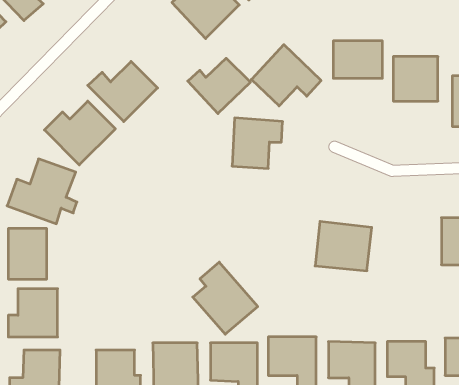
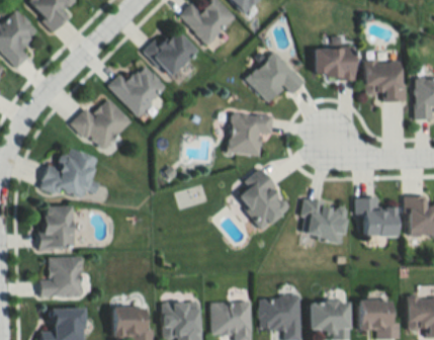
building: [188,58,250,114] -> [146,30,198,77]
building: none -> [355,197,398,237]
building: [193,262,258,334] -> [237,168,291,229]

